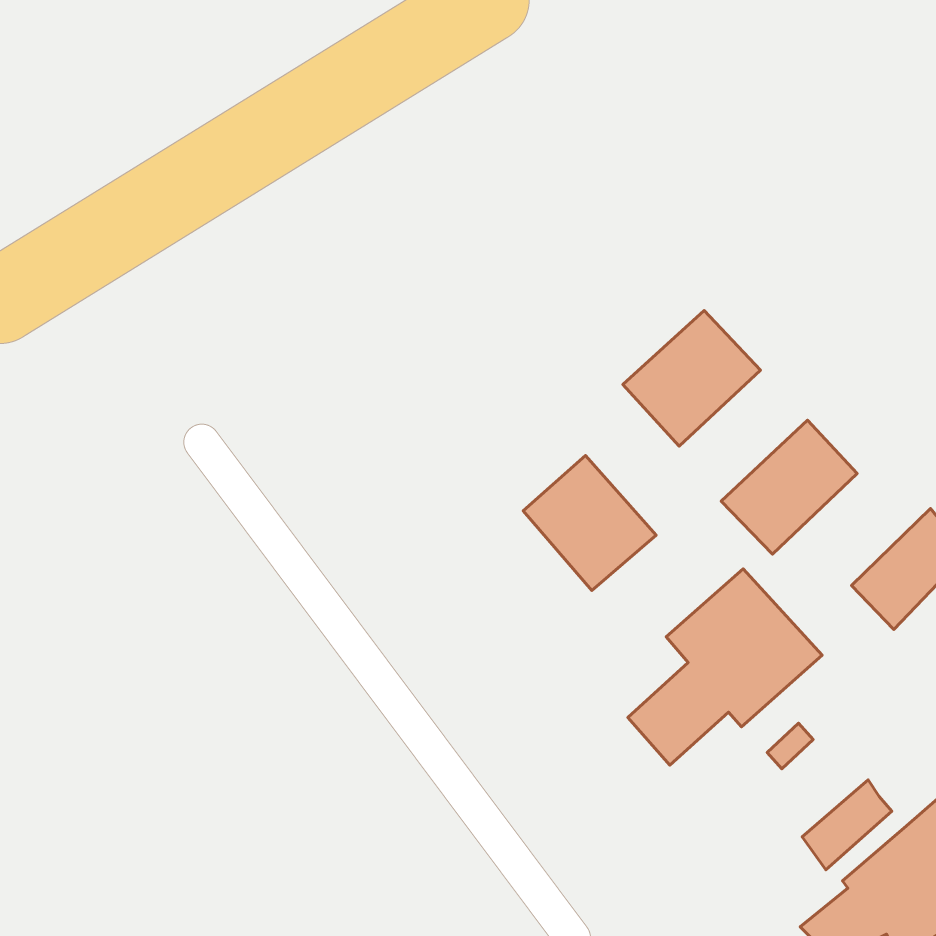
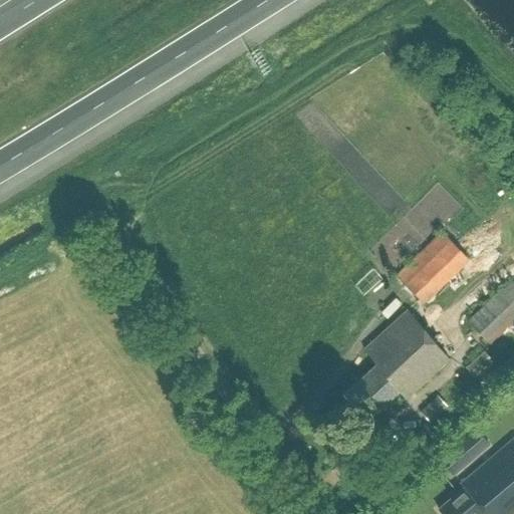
building: [623,311,760,446] -> none
building: [523,456,656,591] -> none

